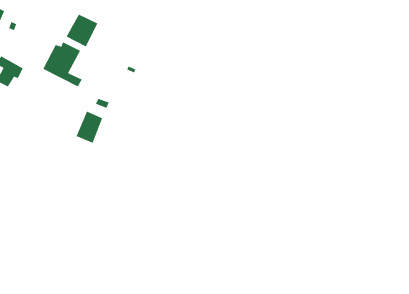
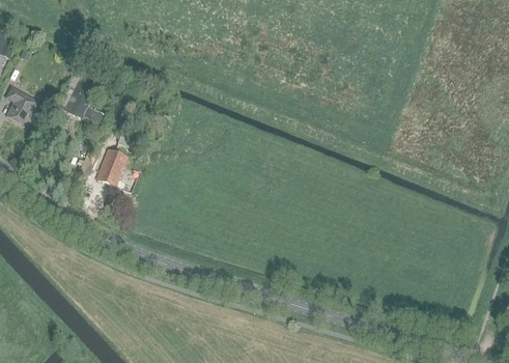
building: [66,13,98,47] -> none

